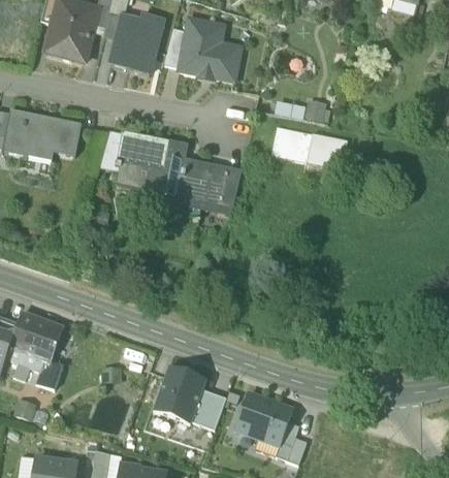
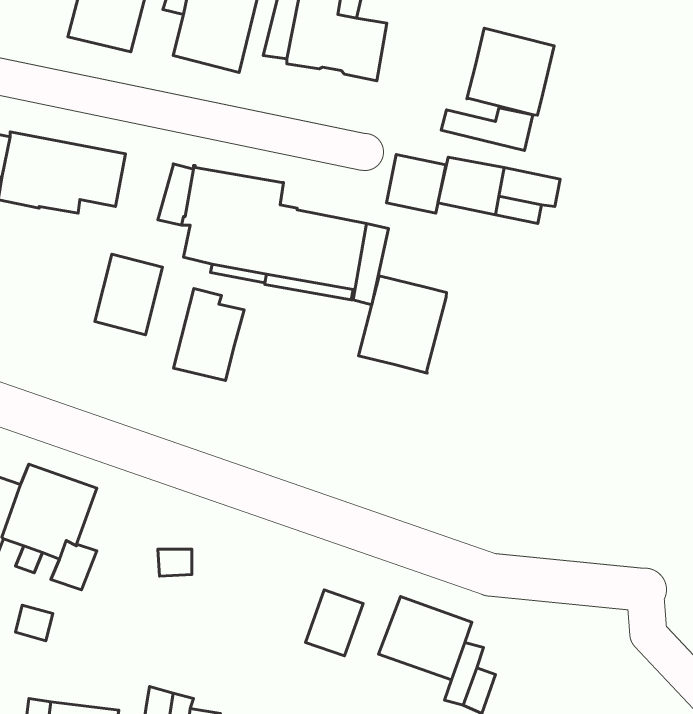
building: none -> [467,28,554,115]
building: none -> [386,155,446,213]
building: none -> [95,254,162,335]
building: none -> [359,276,447,373]
building: none -> [174,288,244,381]
building: [153,365,206,424] -> none

